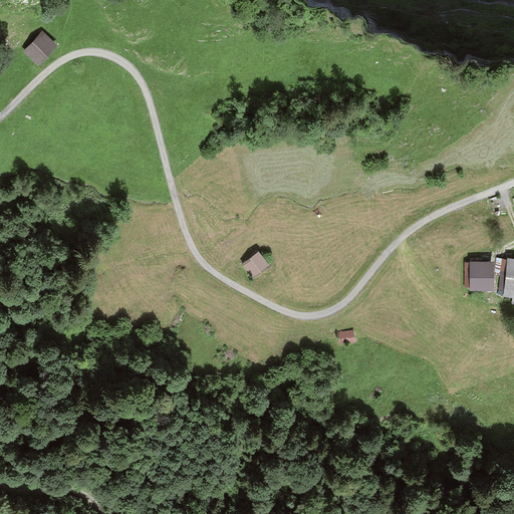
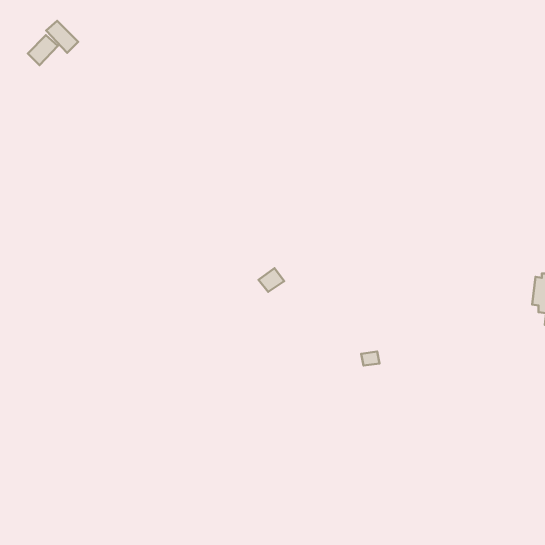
building: none -> [46,21,78,53]
building: [466,262,491,287] -> none

